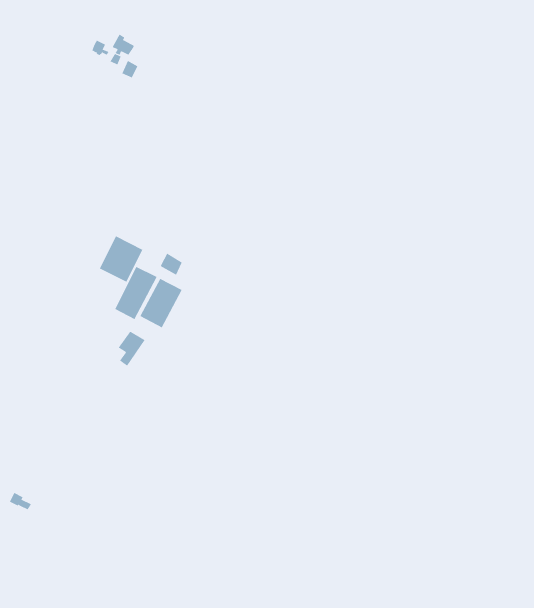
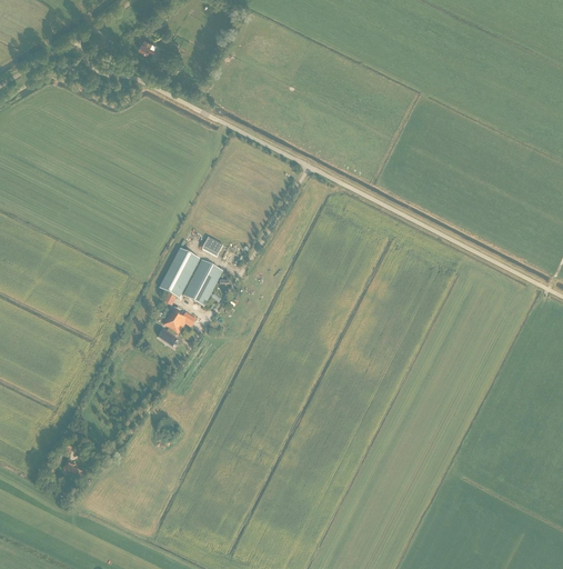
building: [99,236,143,282] -> none

